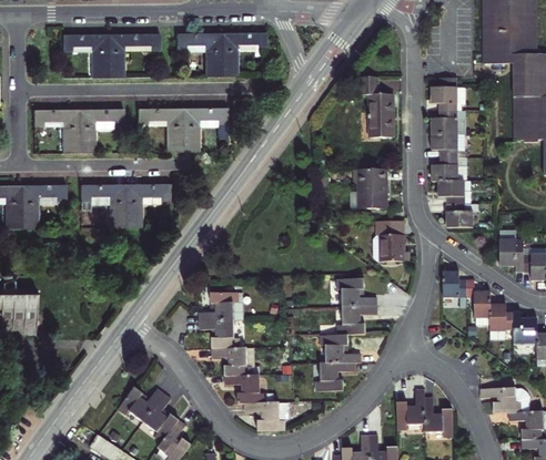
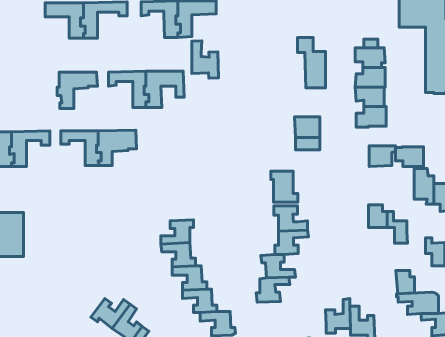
building: none -> [192,41,219,78]
building: [34,116,82,160] -> none
building: [438,181,472,204] -> [395,147,424,166]
building: [377,221,410,257] -> [271,171,298,202]
building: [492,305,514,333] -> [396,270,415,294]

